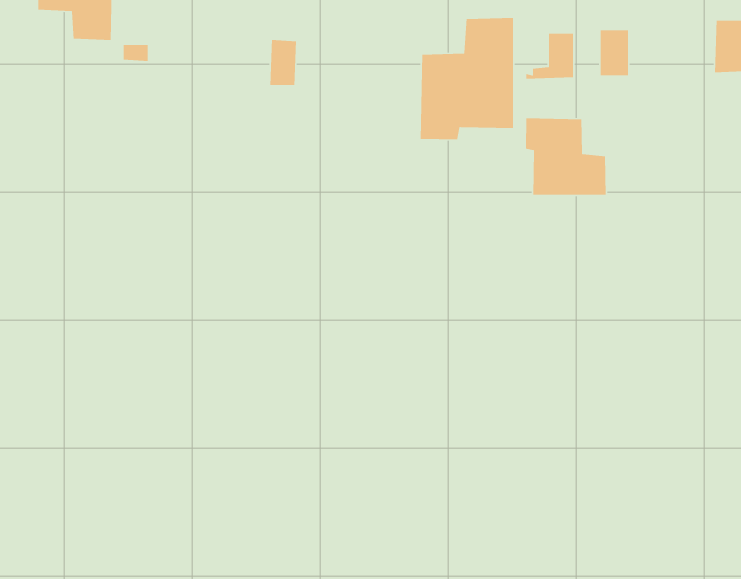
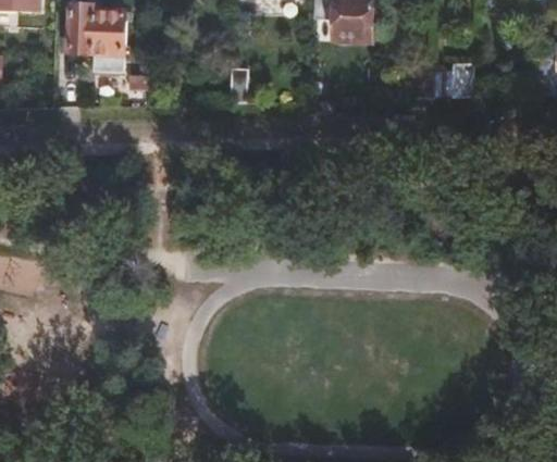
building: [420,17,514,140] -> none
building: [525,118,607,196] -> none

